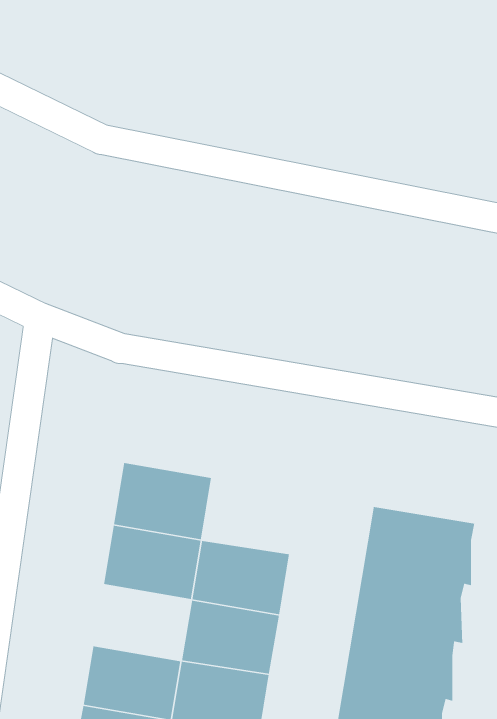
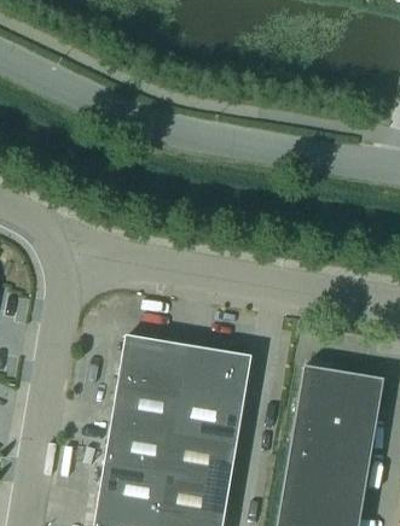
building: none -> [180,346,250,401]
building: none -> [103,422,173,477]

